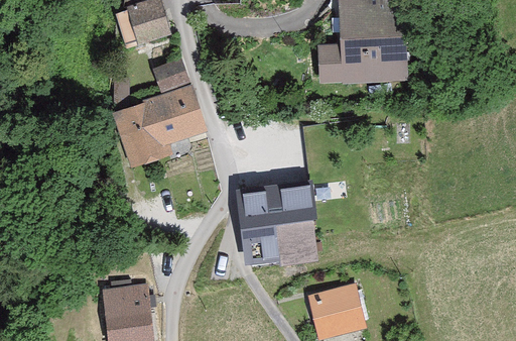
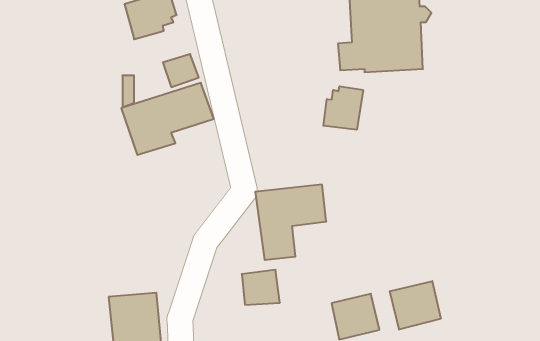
building: none -> [323,86,363,130]
building: [278,222,314,255] -> [242,270,280,305]
building: none -> [390,281,441,330]

